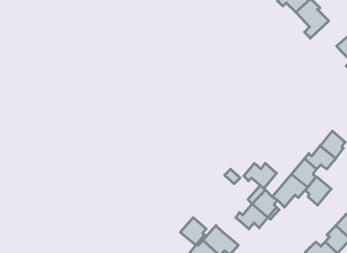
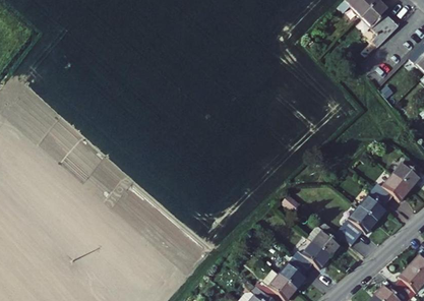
building: [244,163,277,189] -> none
building: [305,177,331,205] -> none
building: [180,218,206,245] -> [277,258,307,291]

